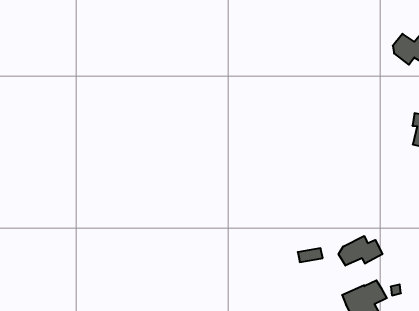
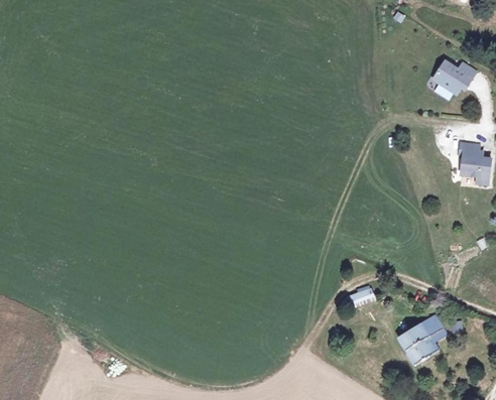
building: [339,236,382,266] -> none

